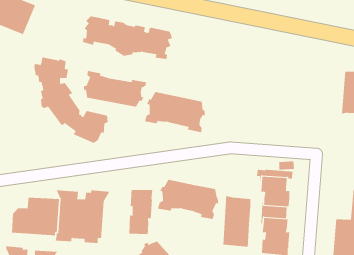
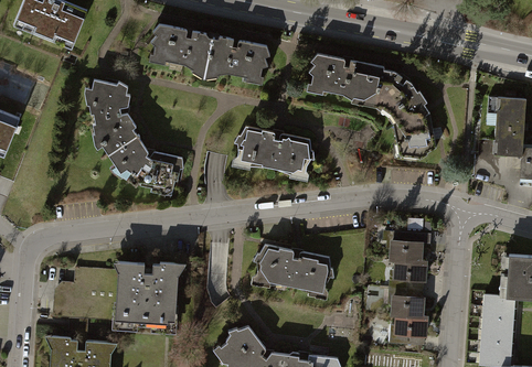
building: none -> [306,54,436,158]
building: [83,70,147,108] -> none
building: [129,189,153,235] -> none
building: [223,195,251,248] -> none

